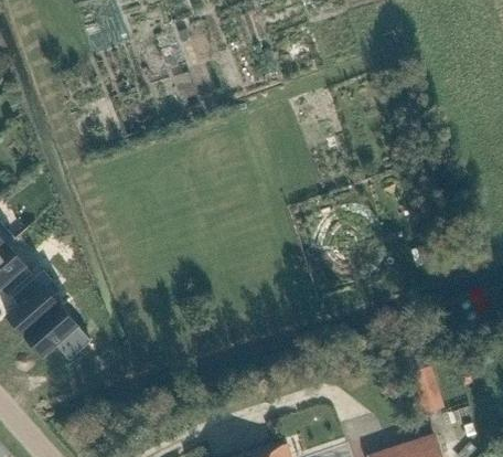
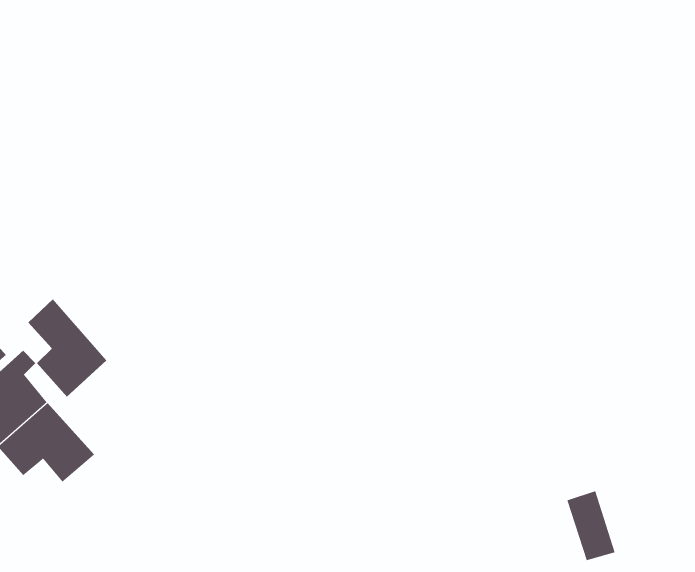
building: none -> [27,298,107,397]

